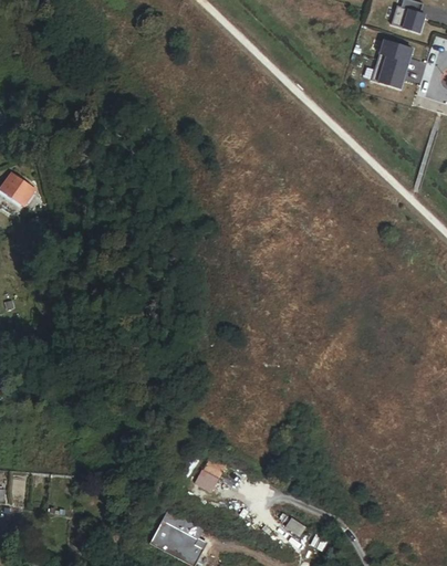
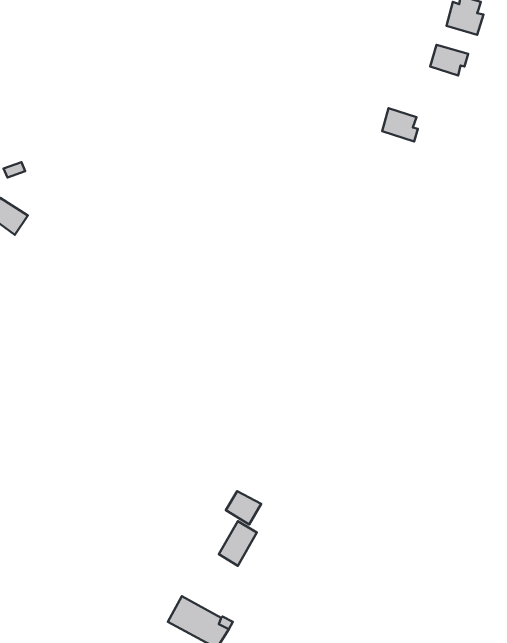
building: [374,59,405,87] -> [382,108,418,141]
building: none -> [226,491,261,524]

